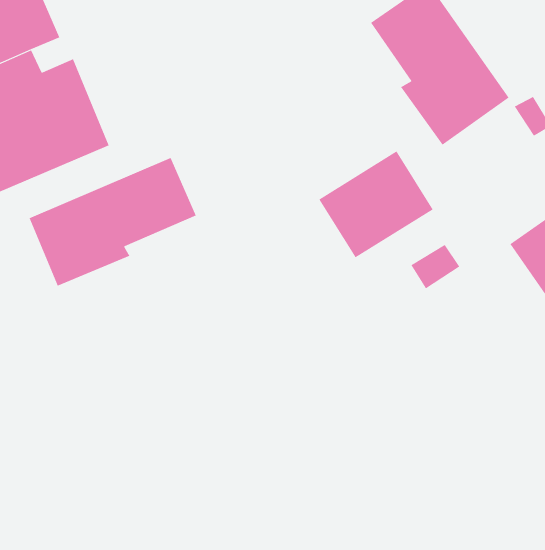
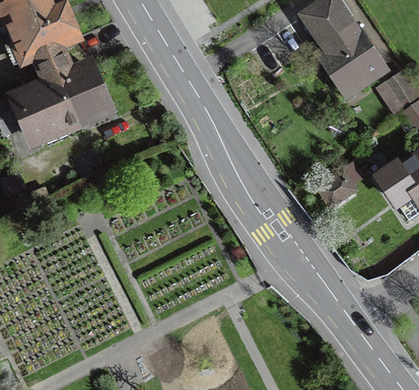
building: [319,151,433,258] -> none
building: [29,157,196,286] -> none

